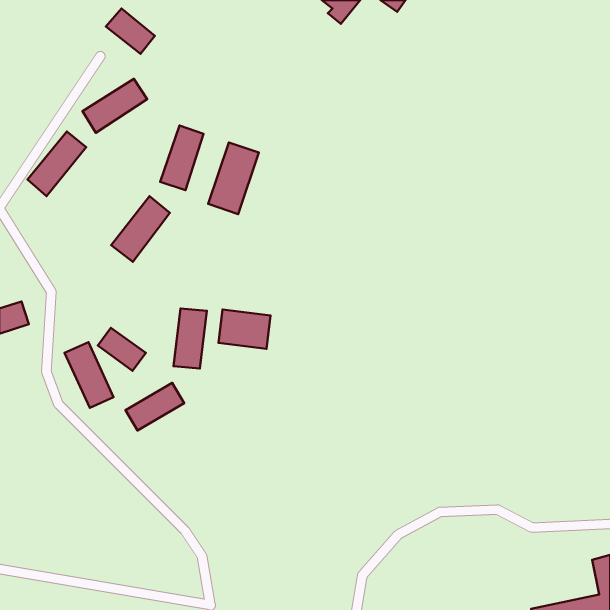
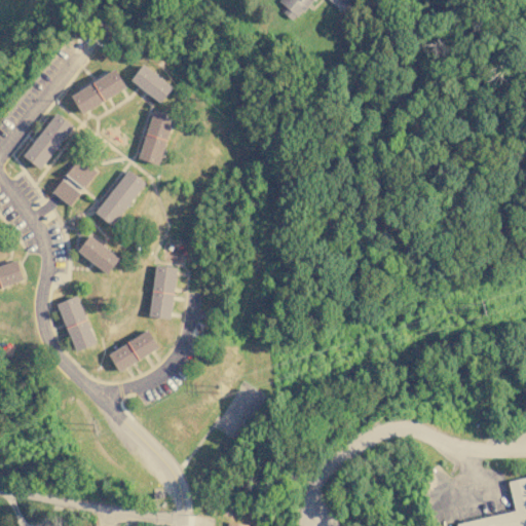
building: [106,8,155,54] -> [132,65,174,104]
building: [208,142,259,214] -> none
building: none -> [52,158,97,206]
building: [219,310,271,349] -> none
building: [98,328,146,371] -> [79,235,120,272]

